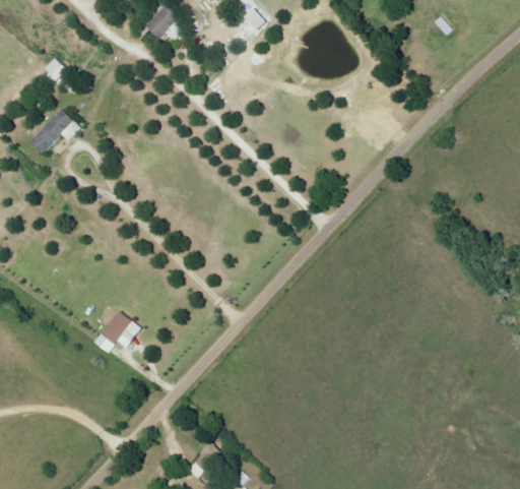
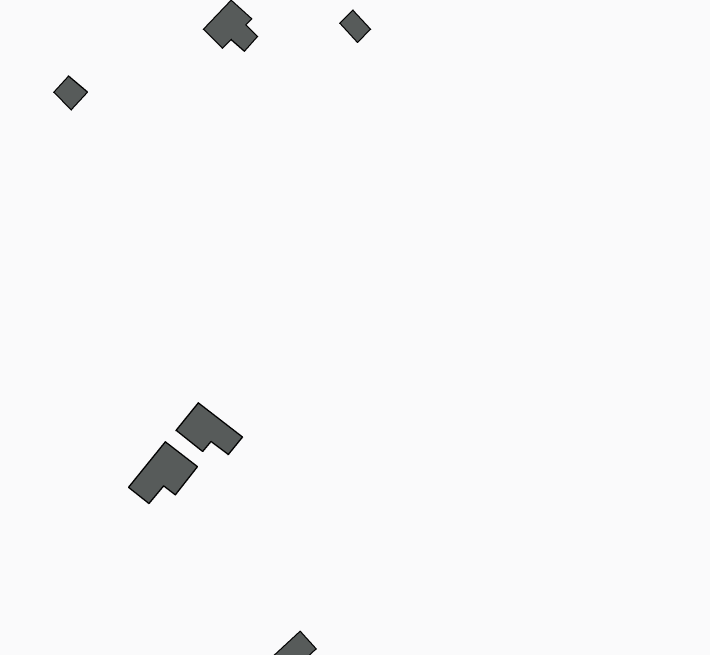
building: [26,111,76,155] -> none
building: none -> [176,403,242,455]

